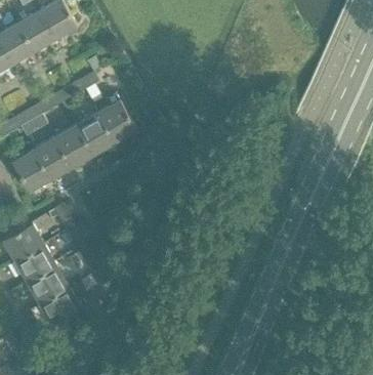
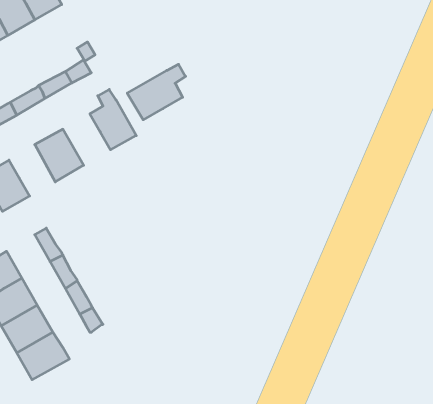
building: none -> [127,64,186,120]
building: [76,114,114,155] -> none
building: [33,138,70,179] -> none

